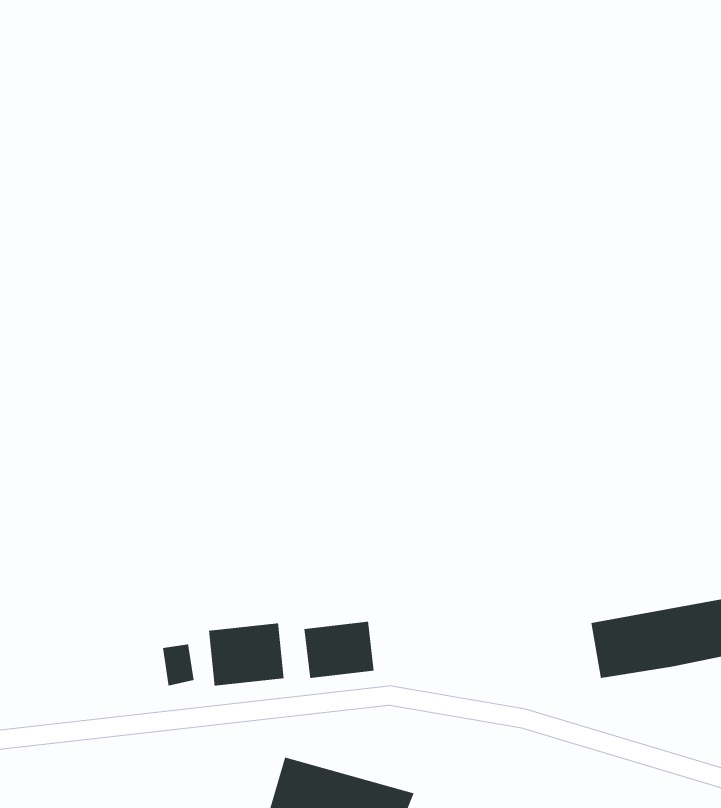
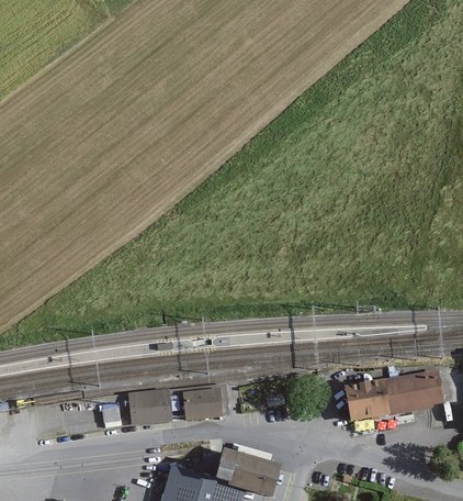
building: none -> [218,447,278,490]

